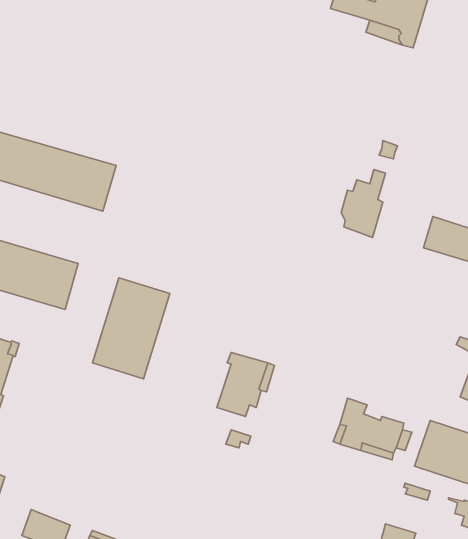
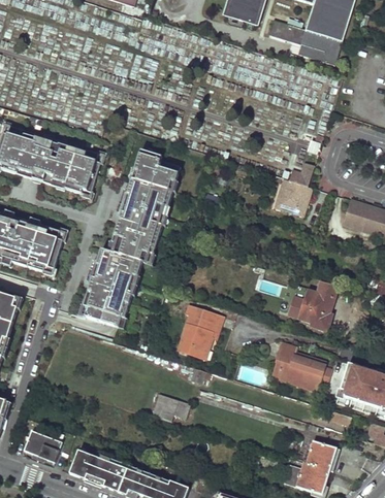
building: none -> [114,157,175,261]
building: none -> [287,283,334,330]
building: none -> [152,395,190,421]

